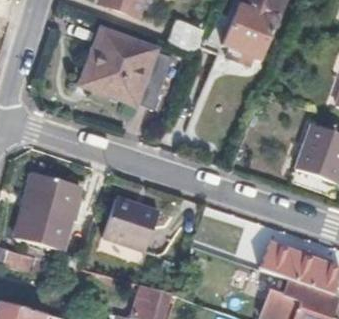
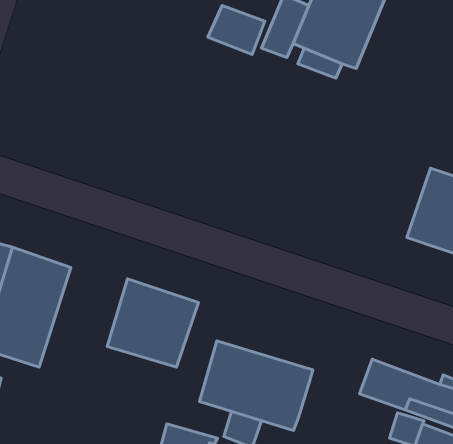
building: [84,30,171,111] -> none
building: none -> [200,341,313,431]

